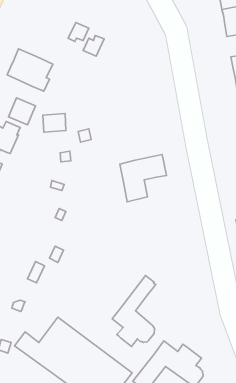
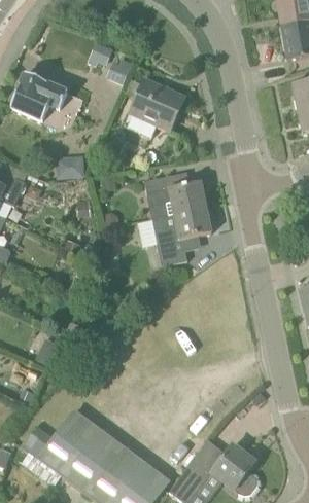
building: none -> [124,79,184,138]
building: [9,98,35,125] -> none
building: none -> [145,175,206,213]
building: [112,276,156,347] -> none

